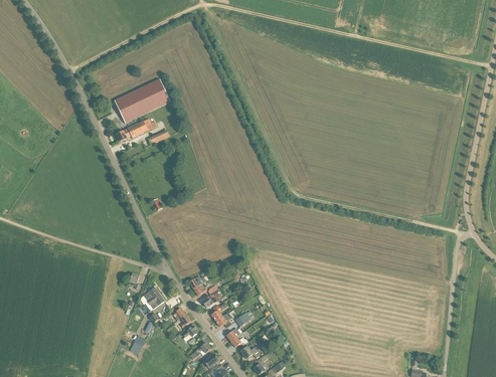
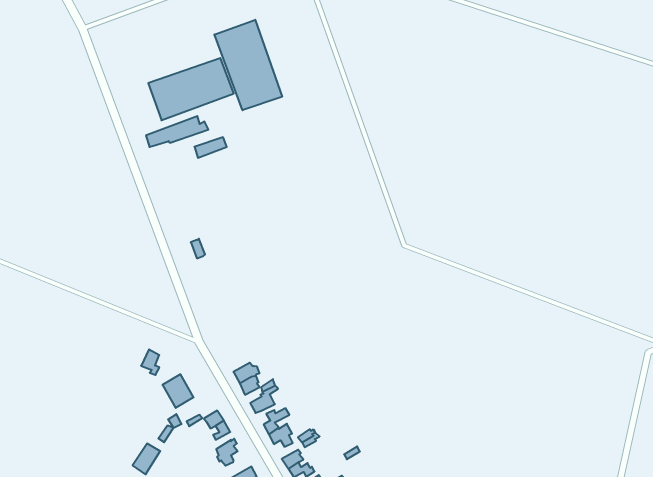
building: none -> [214,20,282,110]

